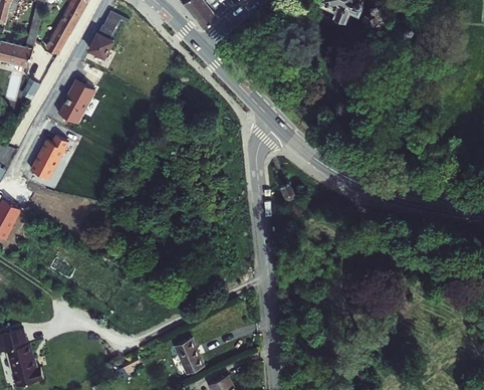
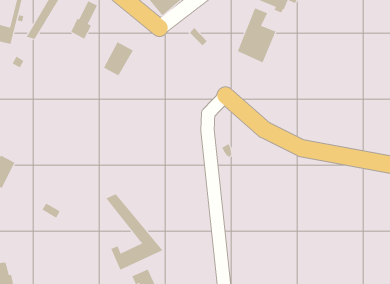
building: none -> [237,7,276,63]
building: [61,79,98,122] -> [103,41,134,76]
building: [33,134,72,181] -> none
building: none -> [106,194,163,270]

